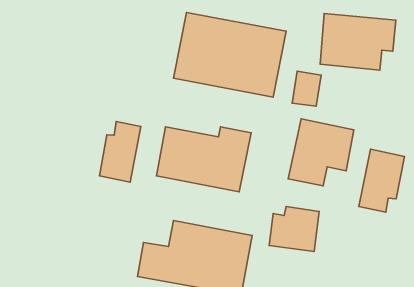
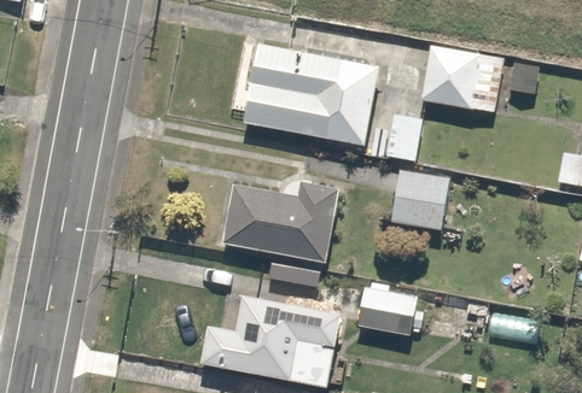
building: [100,122,141,182] -> none
building: [359,149,404,212] -> none

